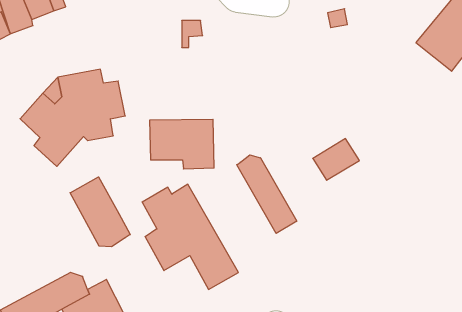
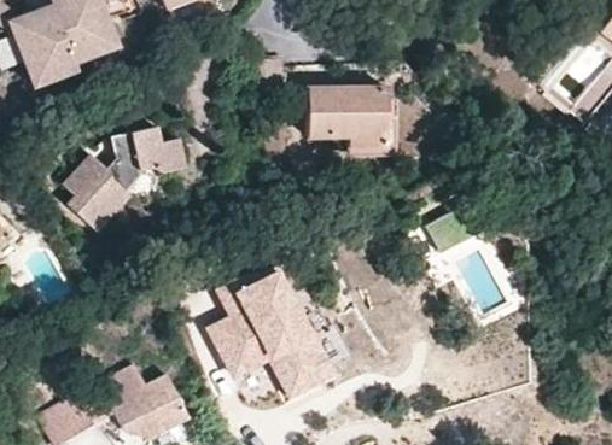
building: [150,119,214,169] -> [311,88,390,148]
building: [237,155,297,233] -> none
building: [70,177,130,247] -> none

